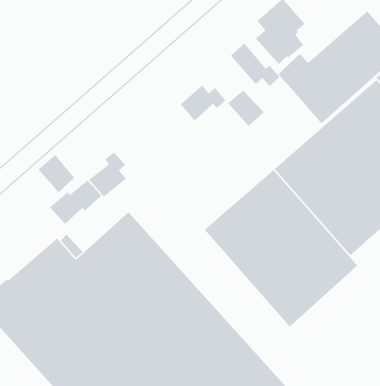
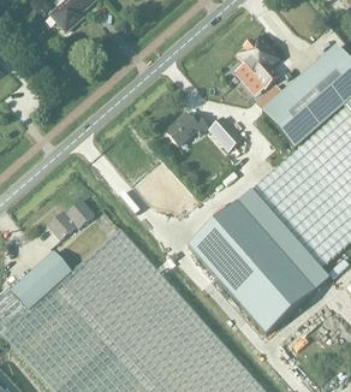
building: [230,43,280,87] -> none
building: [88,151,127,198] -> none
building: [37,154,75,193] -> none

